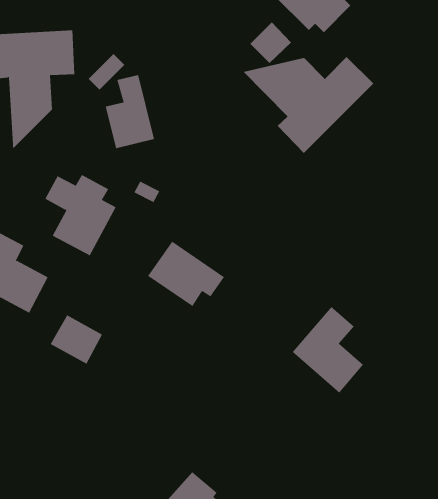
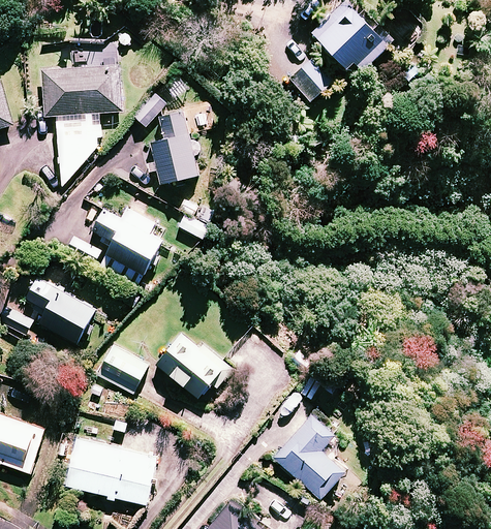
building: [243,56,374,154] -> none
building: [147,241,225,307] -> [155,333,231,397]
building: [292,306,364,393] -> [274,413,344,498]
building: none -> [65,437,157,504]

